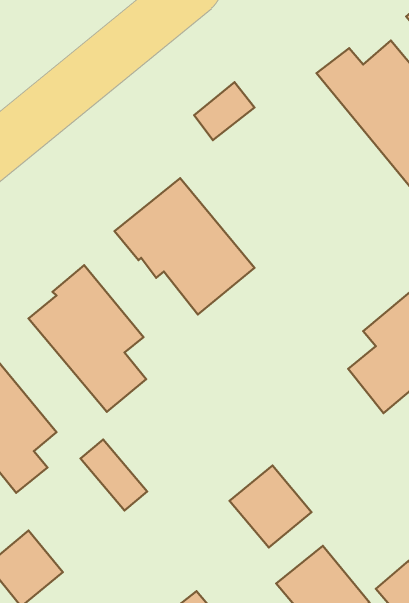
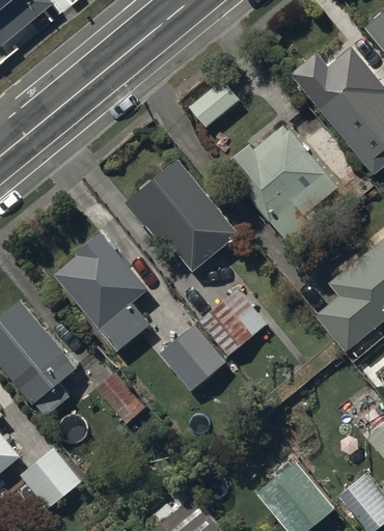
building: none -> [222,125,337,244]
building: none -> [198,290,266,357]
building: [230,465,312,548] -> [159,325,226,392]

